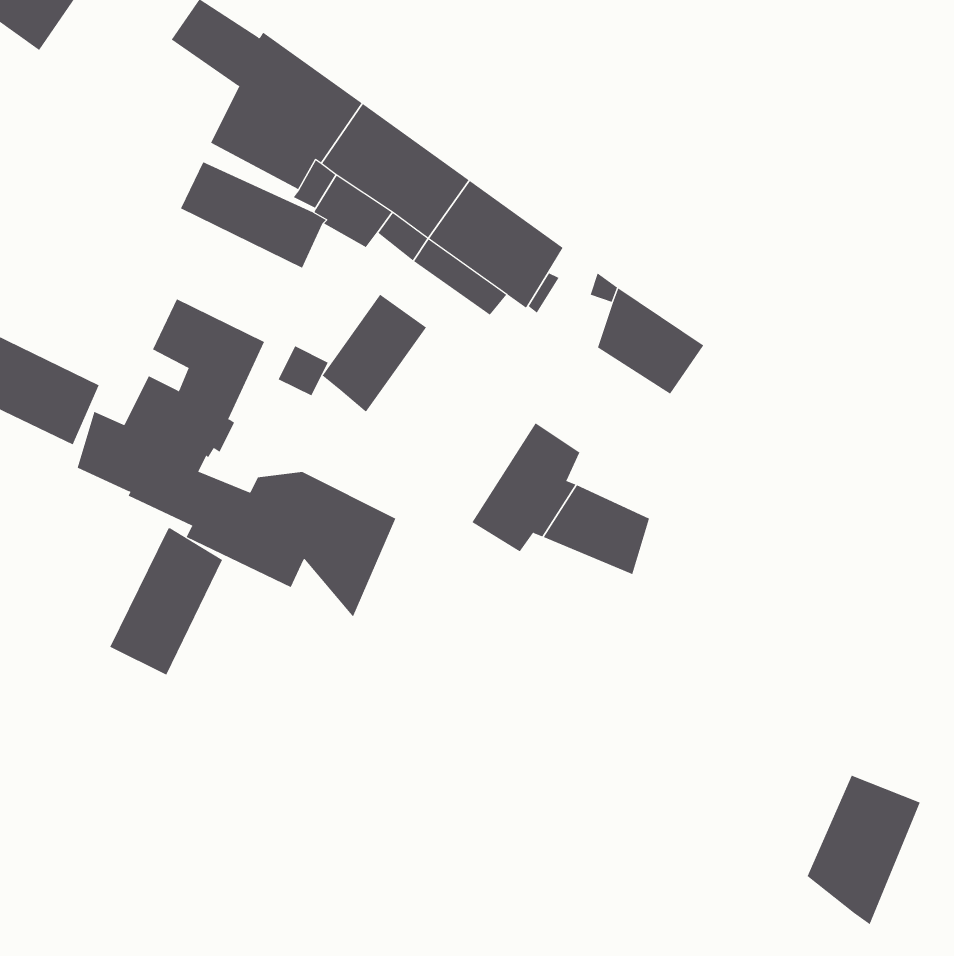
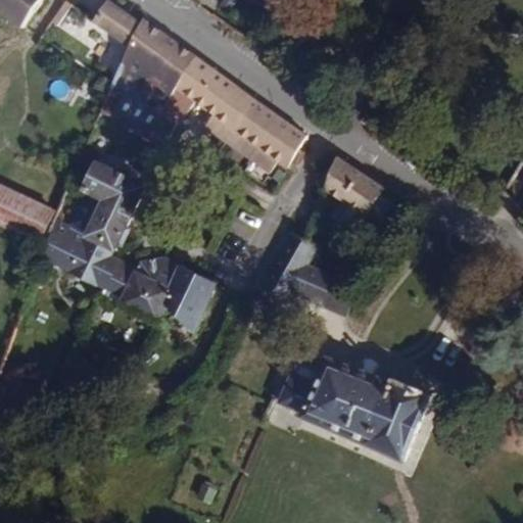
building: [322,294,427,412] -> none
building: [110,527,223,675] -> none
building: none -> [279,358,430,459]
building: [807,775,920,925] -> none

